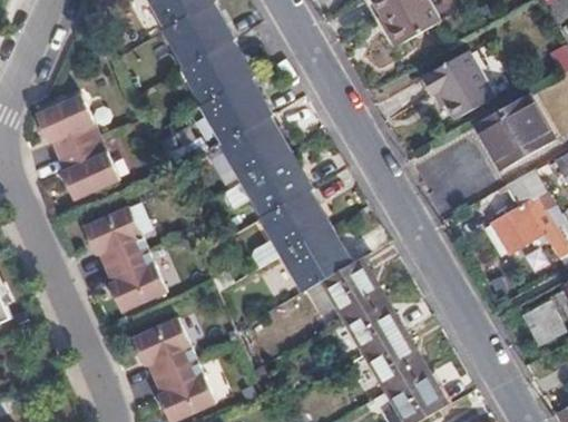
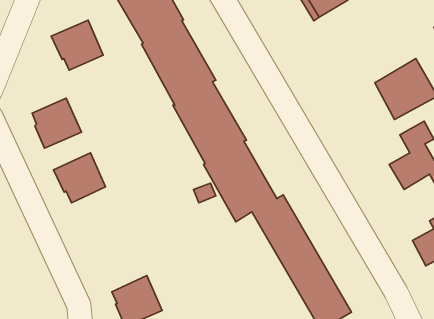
building: [422,49,494,117] -> none
building: [29,96,94,158] -> [51,20,103,70]
building: [100,249,163,313] -> none
building: [128,317,194,380] -> none

